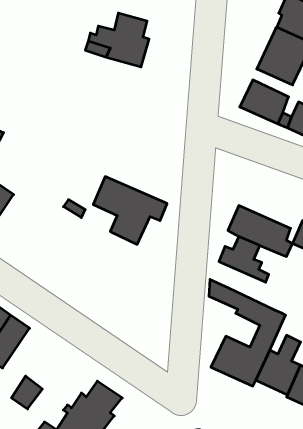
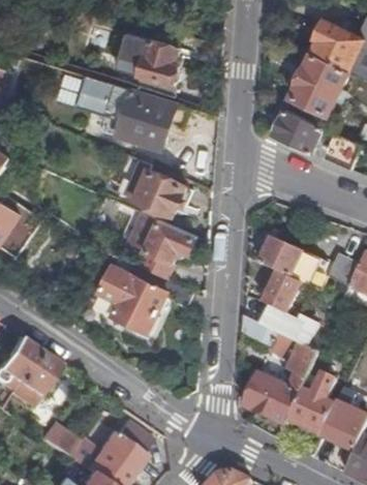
building: none -> [77,79,188,150]
building: none -> [112,154,192,215]
building: none -> [99,266,193,333]
building: none -> [262,307,319,347]

